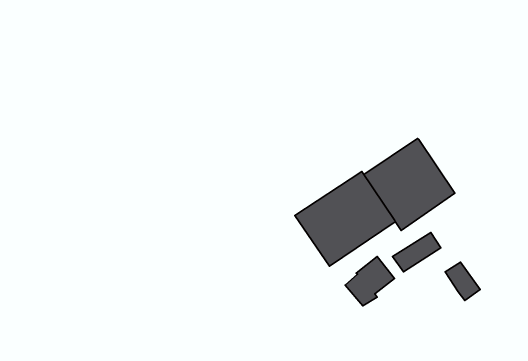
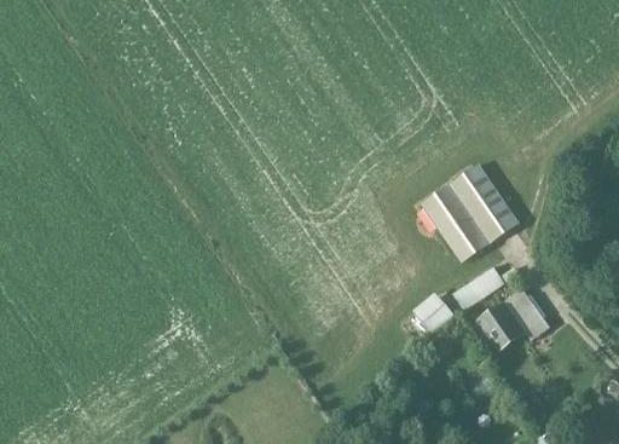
building: [295,172,395,266] -> none
building: none -> [476,300,525,351]

